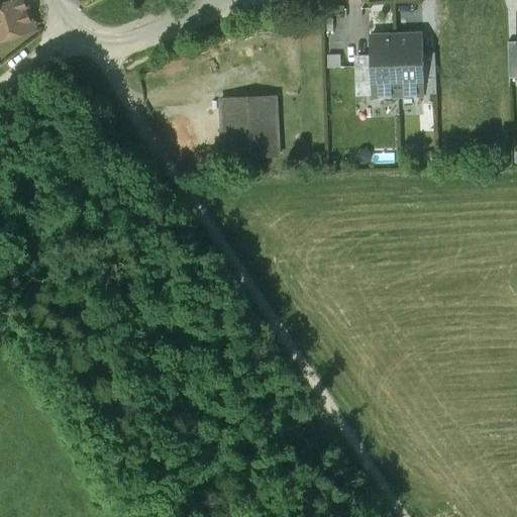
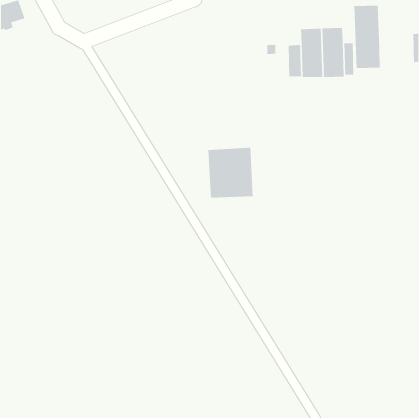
building: none -> [354,5,380,69]
building: [221,95,278,159] -> [208,147,254,199]

